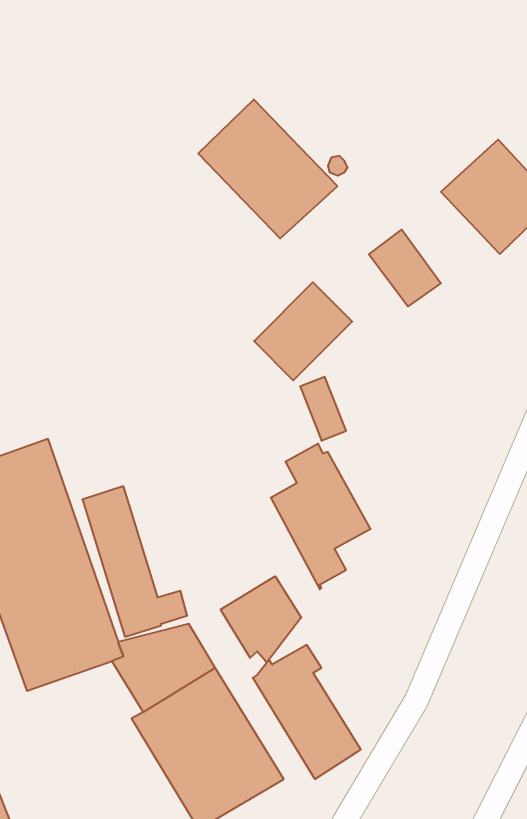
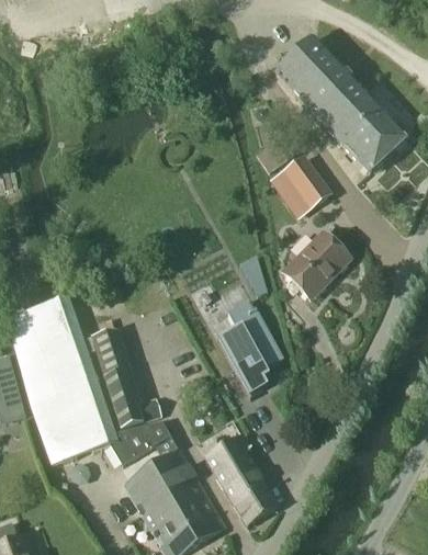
building: [198,99,337,238] -> [275,36,369,129]
building: [254,282,352,380] -> [283,230,349,296]
building: [221,576,301,662] -> none

